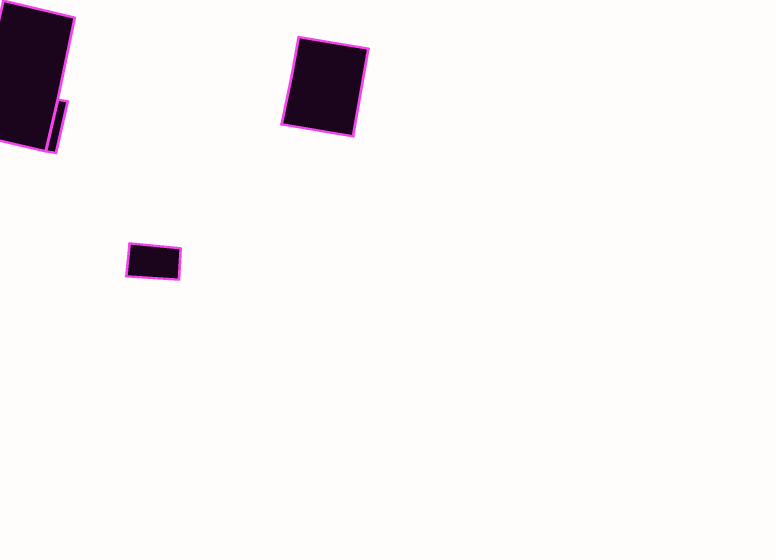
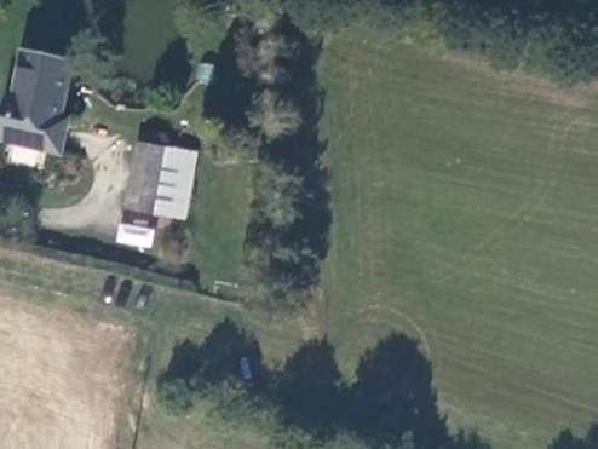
building: [281,37,369,136] -> [125,144,186,214]

